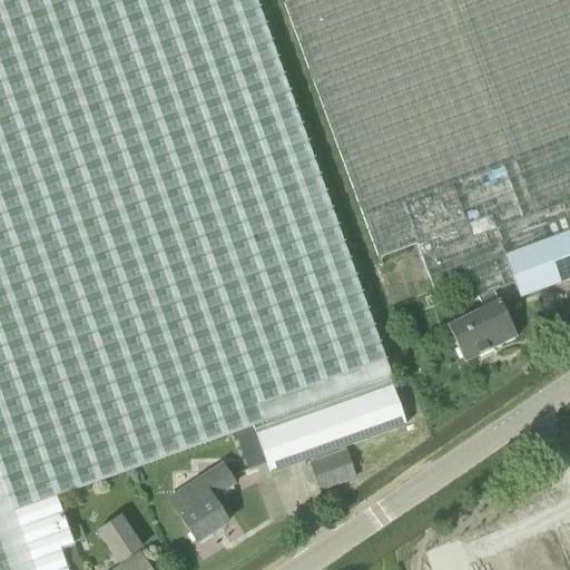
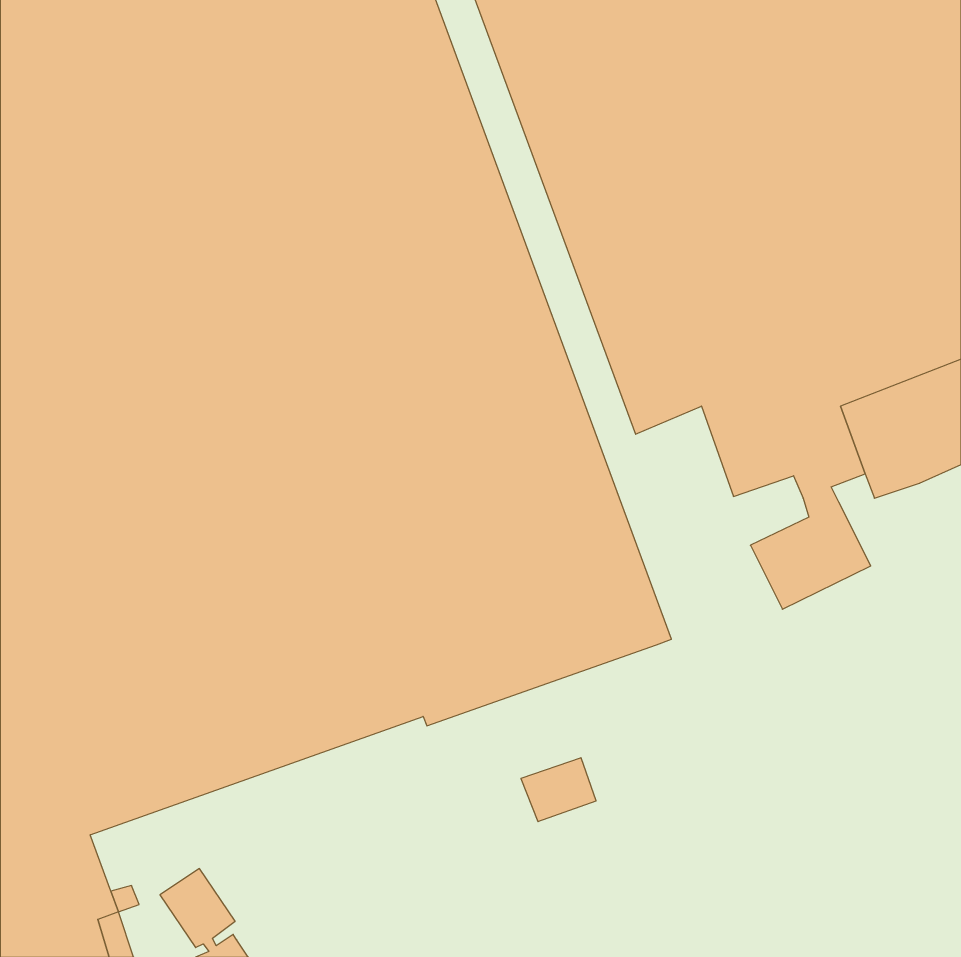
building: [253,382,403,471] -> none
building: [166,462,233,542] -> none

